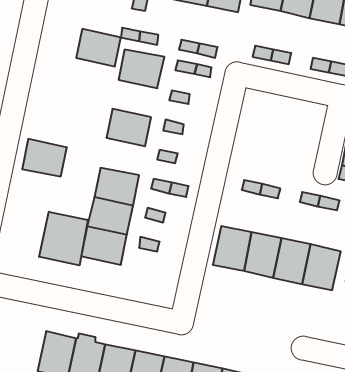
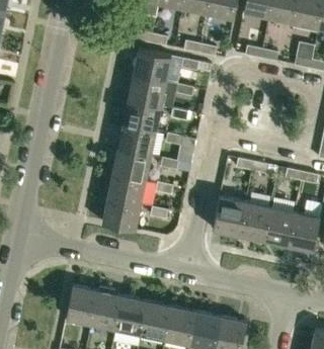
building: [76,29,121,66] -> [129,75,166,106]
building: [22,139,67,176] -> [118,123,156,155]
building: [39,212,88,265] -> none

